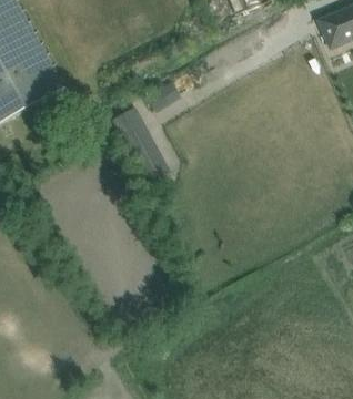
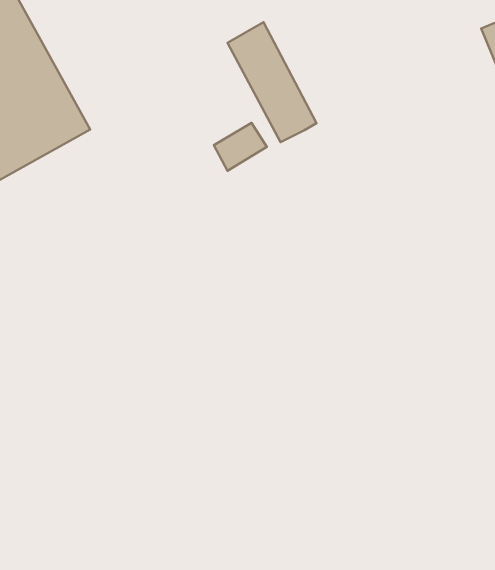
building: [111,105,169,183] -> [227,22,317,142]

